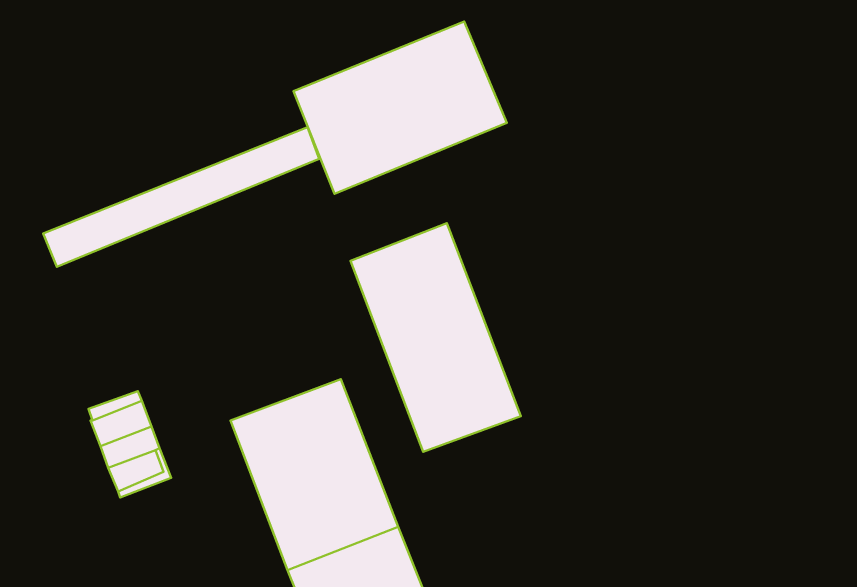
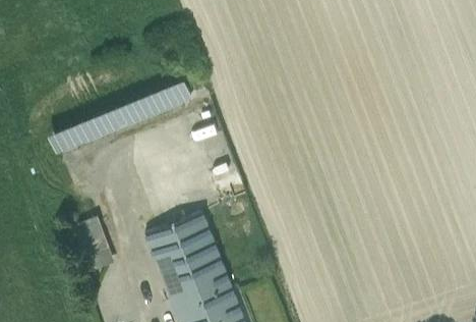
building: [294,22,507,194] -> none
building: [351,223,521,452] -> none

